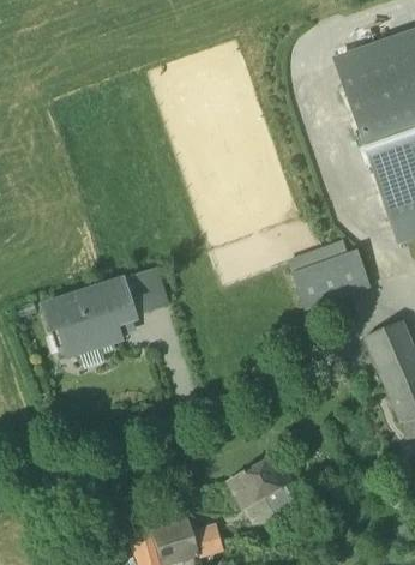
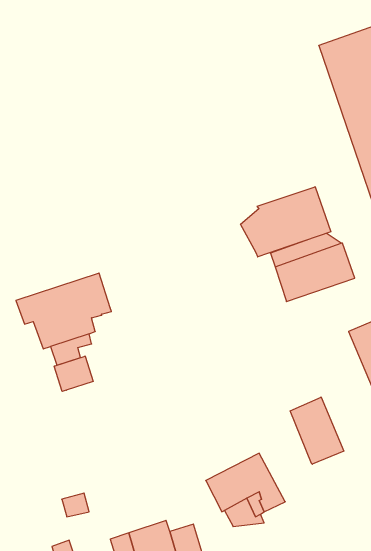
building: none -> [241,187,331,257]
building: [122,270,164,313] -> none
building: none -> [54,356,93,391]
building: none -> [290,397,344,464]

